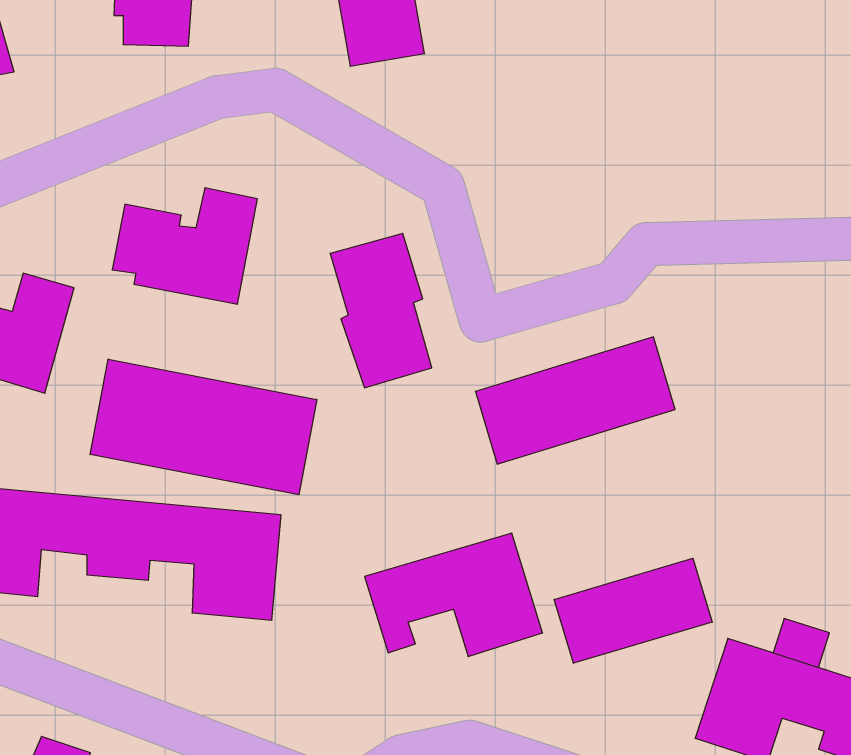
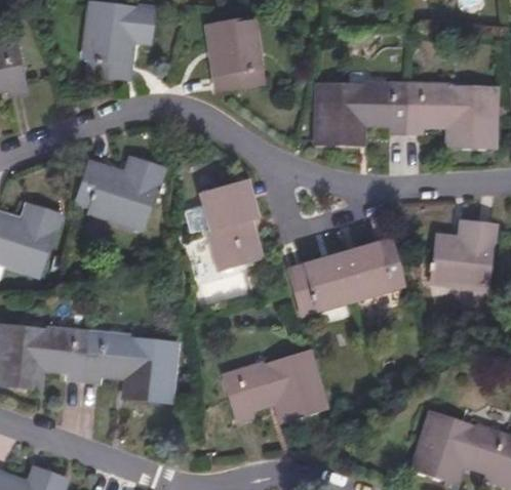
building: none -> [317,86,494,146]
building: none -> [430,221,492,285]
building: [90,359,317,495] -> none
building: [554,558,712,663] -> none

